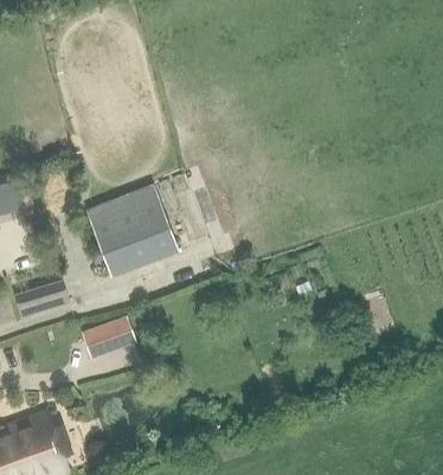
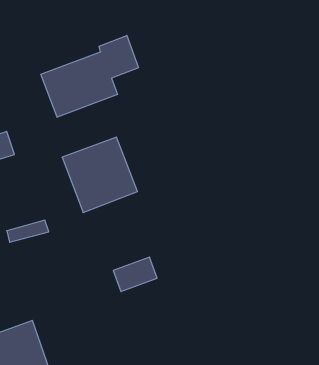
building: none -> [41,35,138,117]
building: [82,313,136,355] -> [113,257,157,292]

